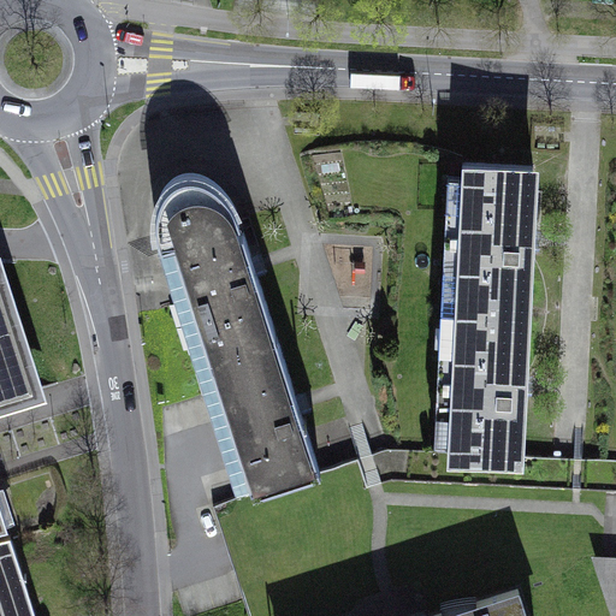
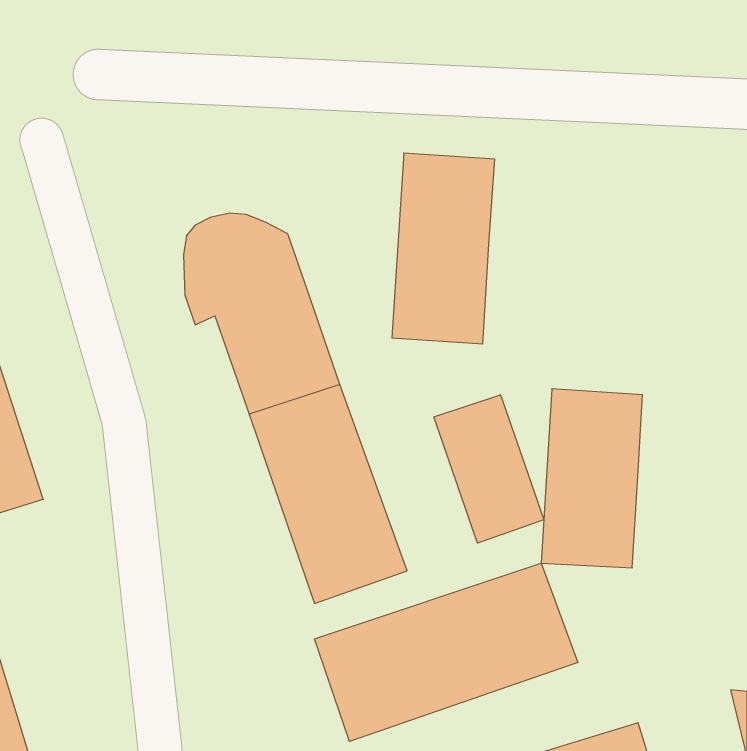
building: [445,173,528,327] -> [392,153,495,344]
building: none -> [434,395,544,543]
building: none -> [315,563,578,742]

